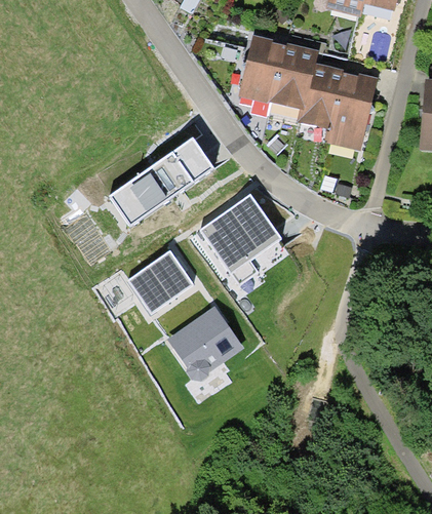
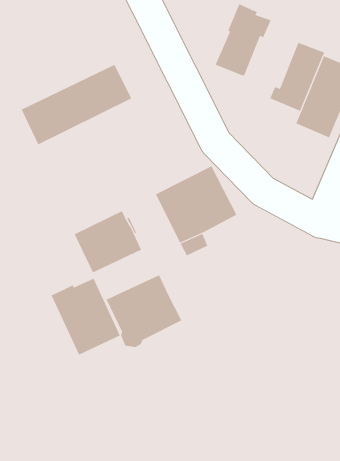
building: [270,43,319,110] -> none
building: [109,137,214,227] -> [21,64,132,145]
building: none -> [51,278,121,356]

